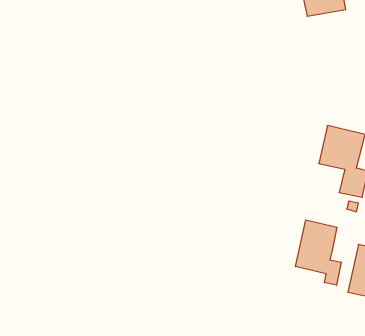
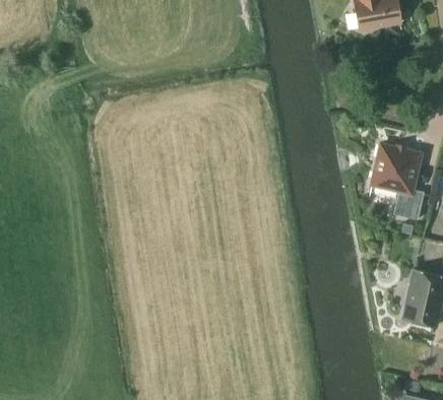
building: [295,220,341,285] -> none

